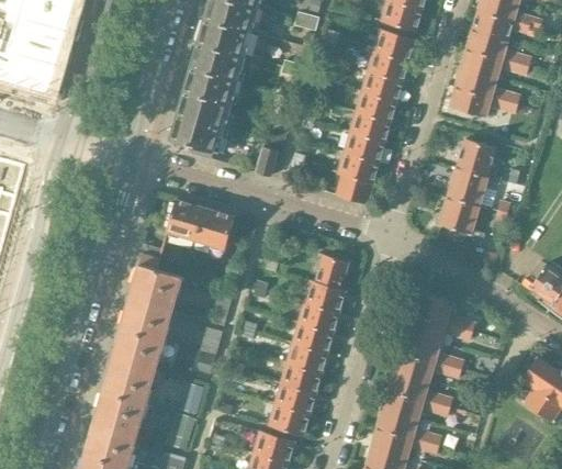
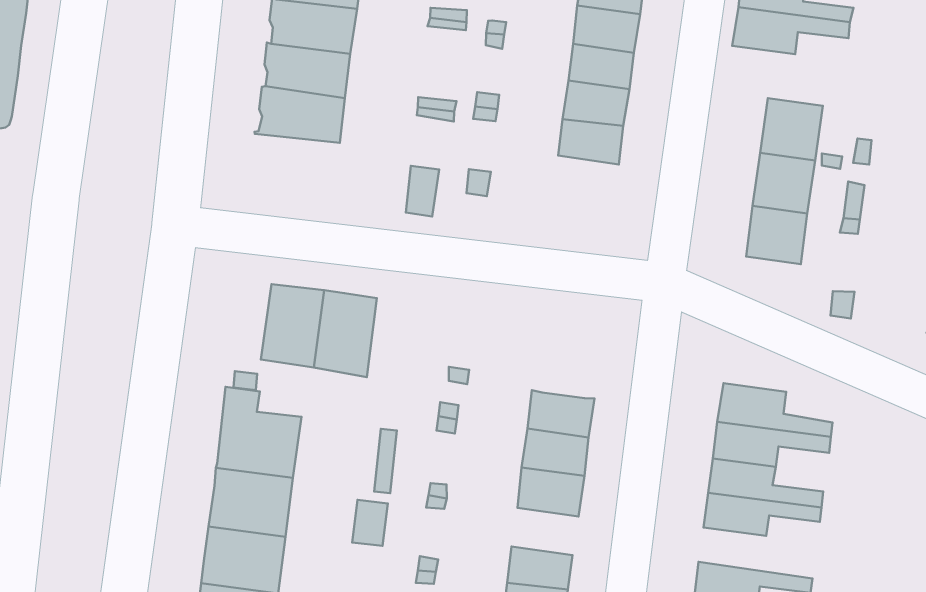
building: [172,115,225,158] -> none
building: [337,153,378,203] -> none
building: [316,255,347,289] -> none
building: [286,344,326,375] -> none
building: [389,370,452,407] -> none

